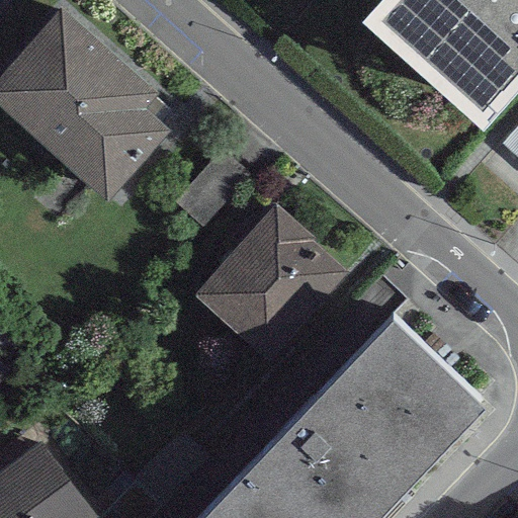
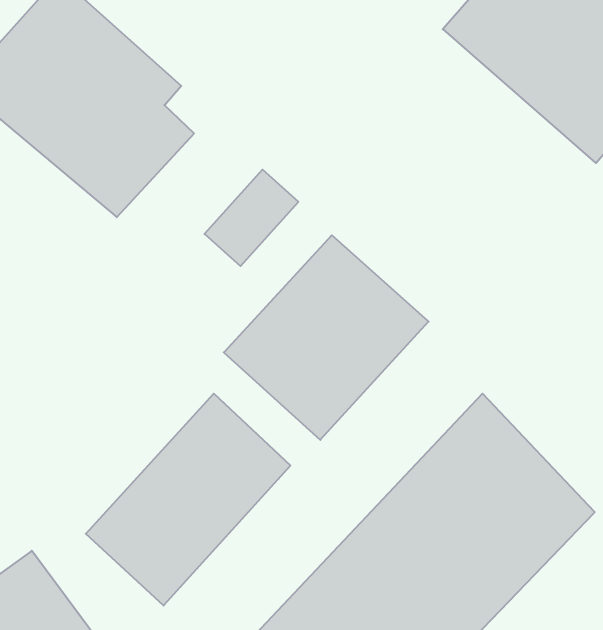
building: none -> [86,394,290,606]

